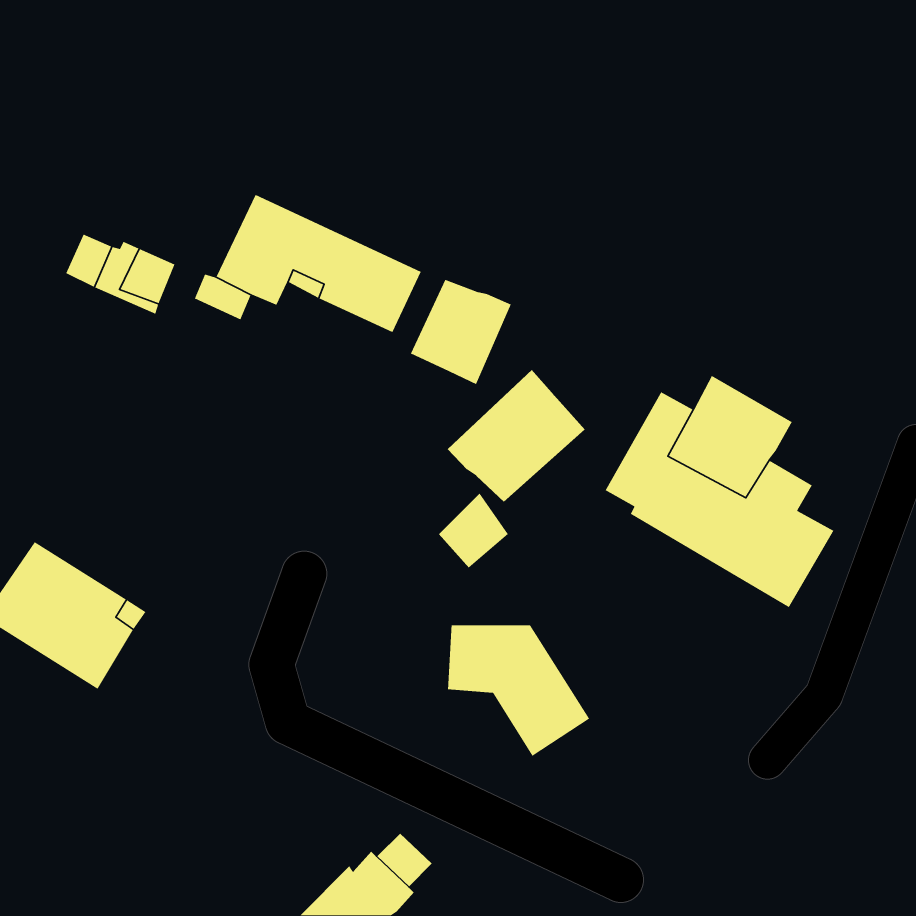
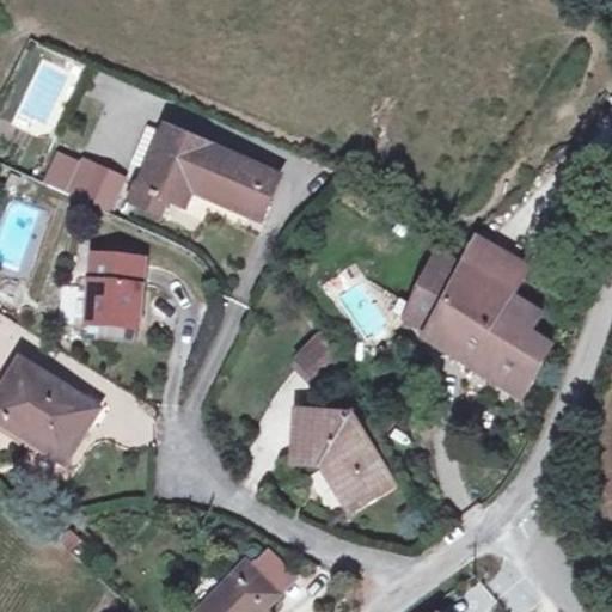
building: [410,279,512,385] -> none
building: [447,369,586,502] -> none
building: none -> [90,251,143,323]

